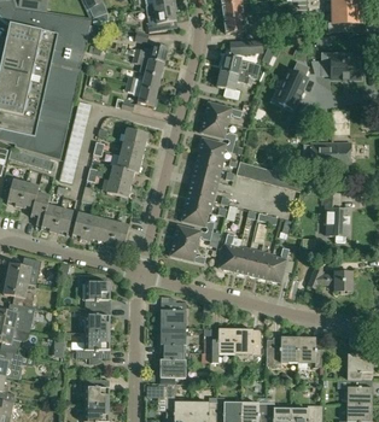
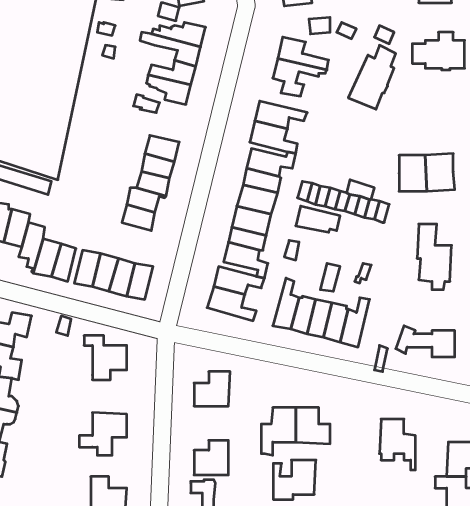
building: [84,307,110,333] -> none
building: [159,327,185,352] -> none
building: [266,336,297,365] -> [273,460,316,499]

